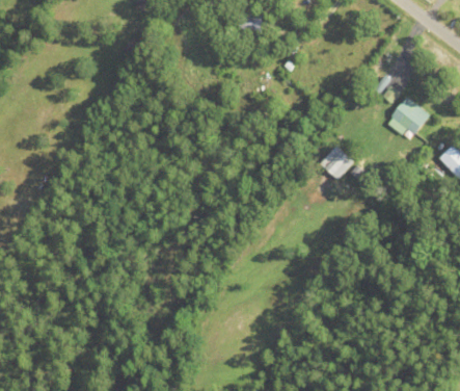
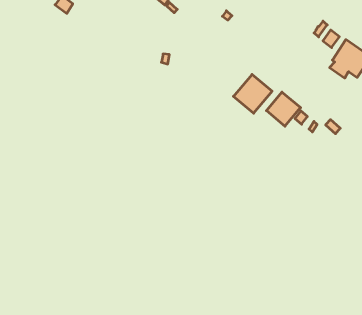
building: none -> [233,74,272,113]

